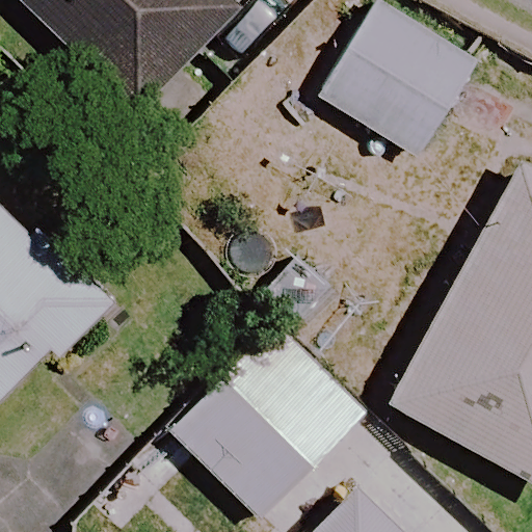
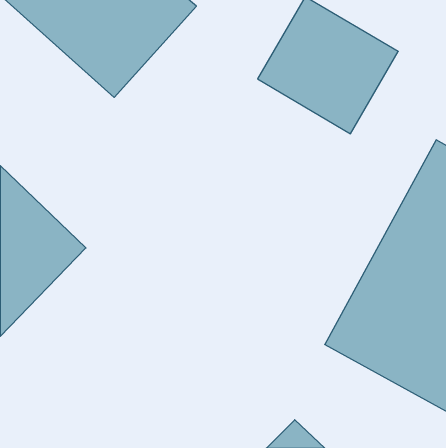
building: [169,324,364,518] -> none

